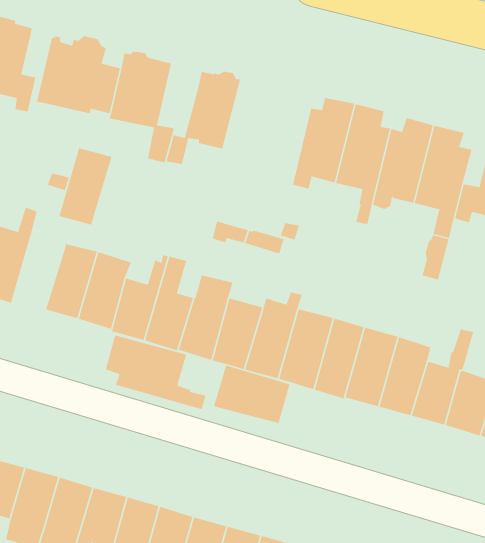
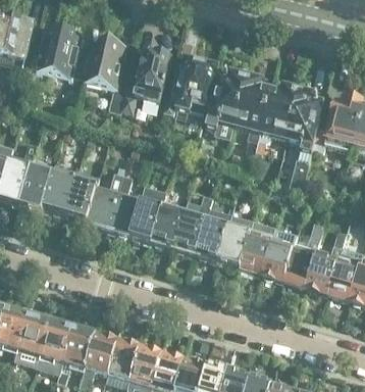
building: none -> [162,60,214,113]
building: [59,147,113,226] -> [17,159,53,211]
building: [105,334,206,410] -> none
building: [213,365,291,424] -> none

